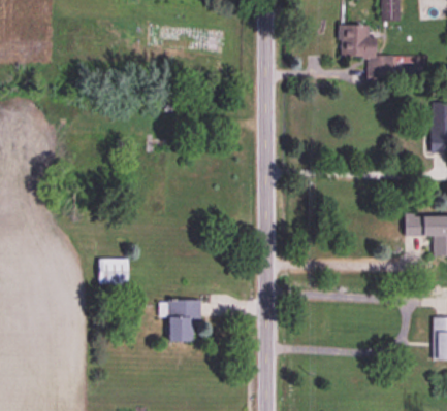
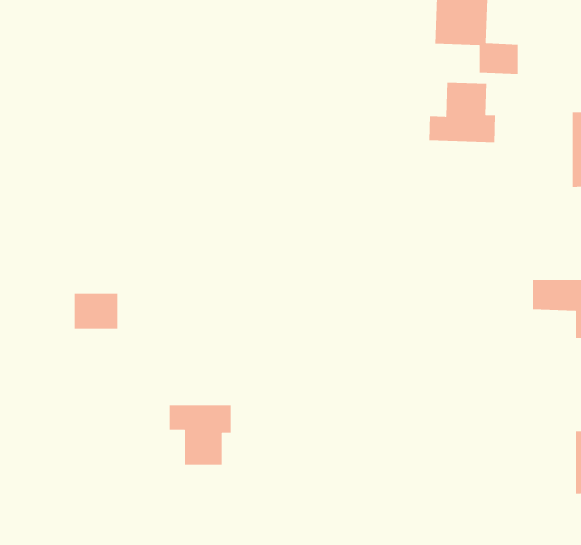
building: none -> [428,82,496,143]
building: [99,260,129,284] -> [74,293,118,329]

